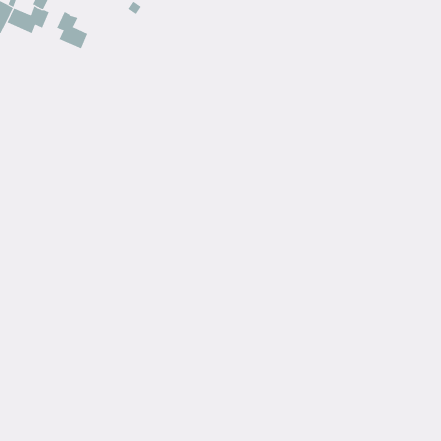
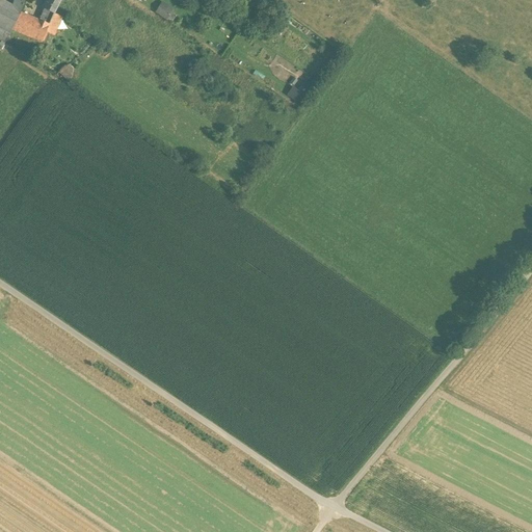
building: [56,11,88,49] -> none

